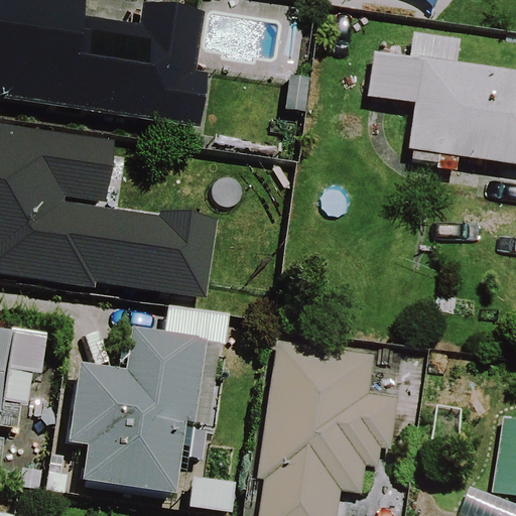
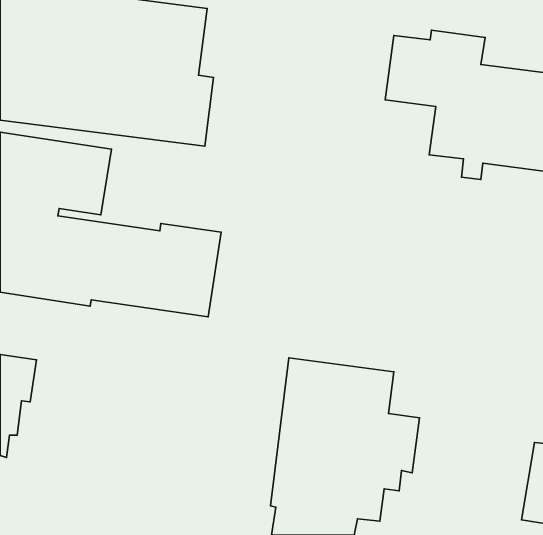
building: [63,304,225,493] -> none

